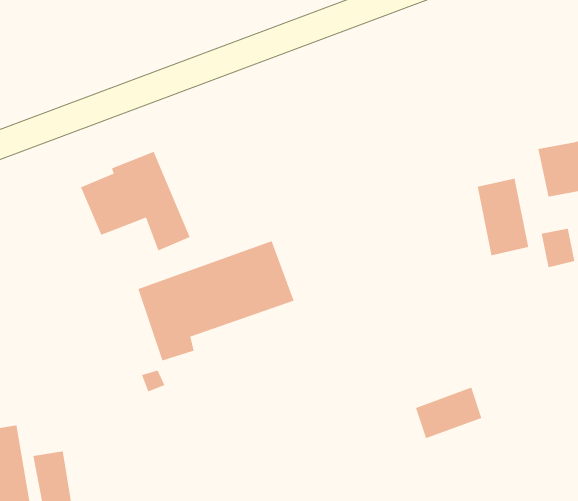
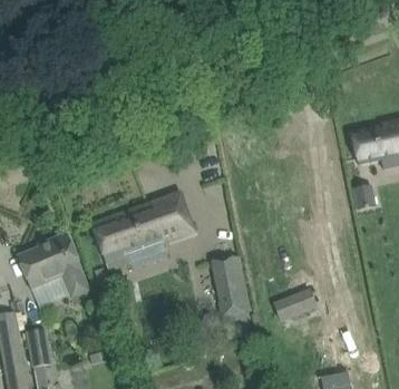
building: [80,151,190,251] -> [18,233,89,298]
building: [477,178,529,256] -> none
building: none -> [211,256,250,317]

